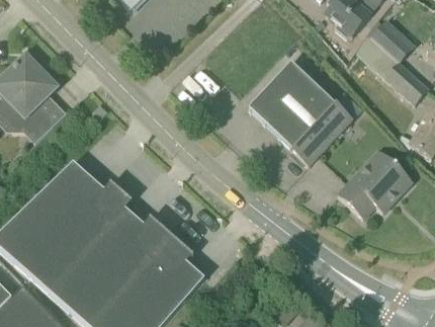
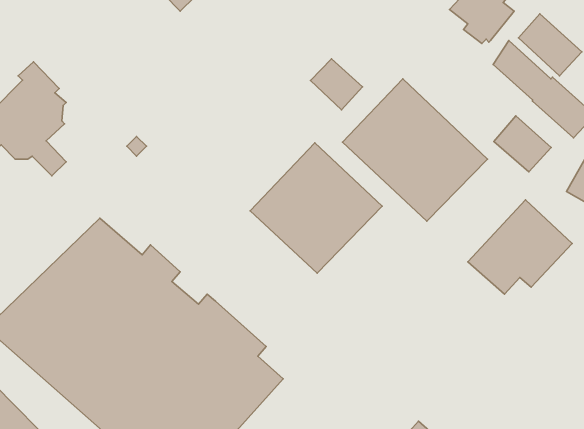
building: none -> [310,59,362,110]
building: none -> [494,116,551,172]
building: none -> [250,143,382,273]

